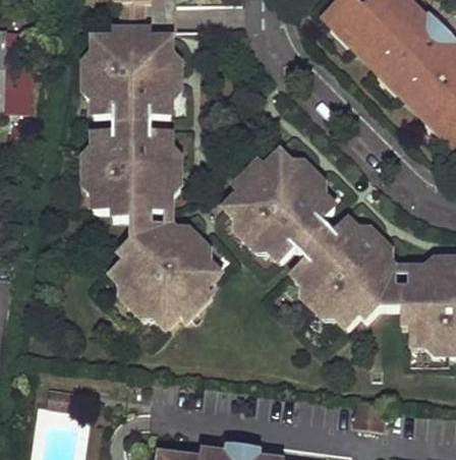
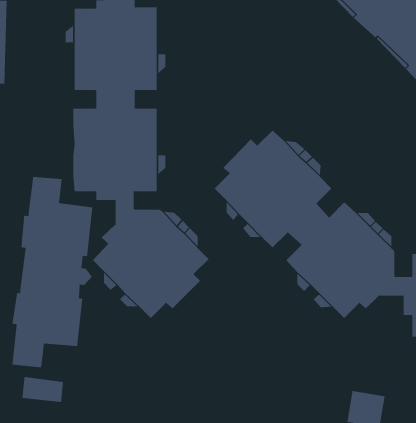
building: none -> [12,176,93,368]

